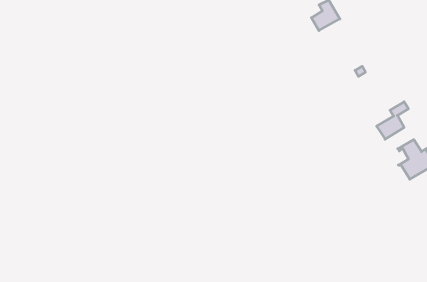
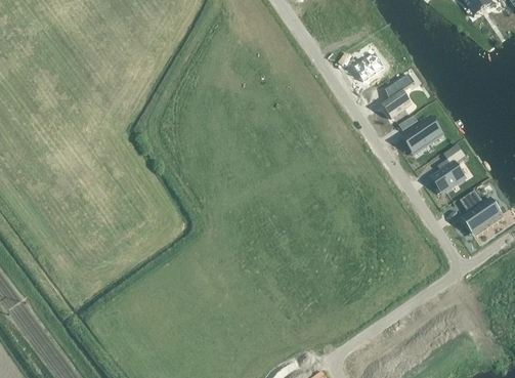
building: none -> [381,77,410,118]
building: none -> [404,120,437,152]

